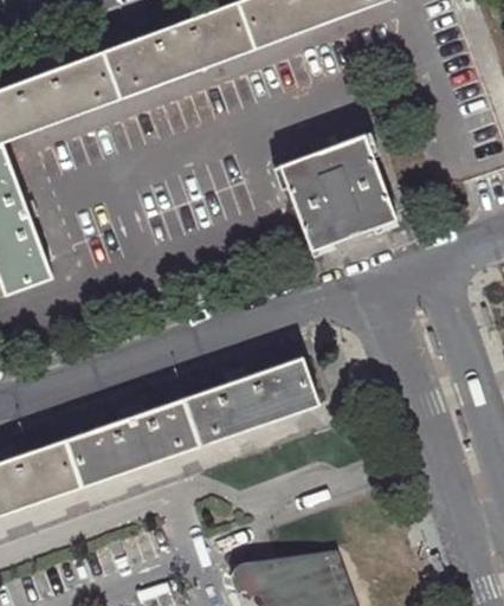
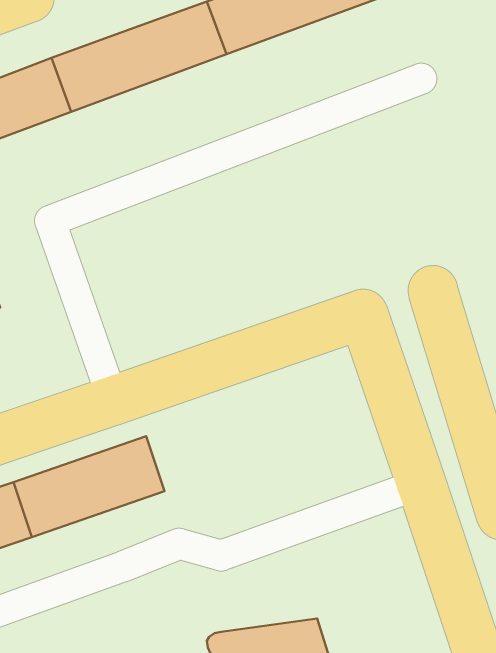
building: [279,134,396,251] -> none
building: [183,354,319,444] -> none

